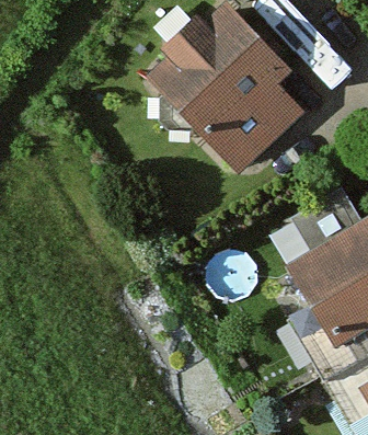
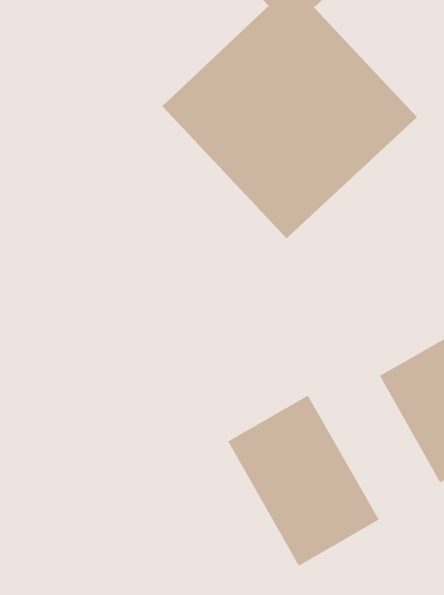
building: none -> [227,394,380,567]

